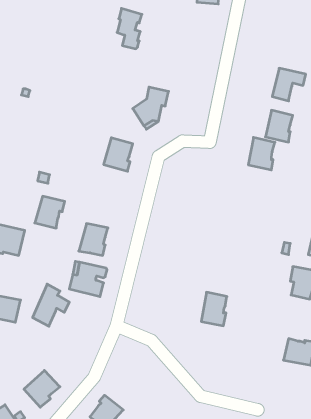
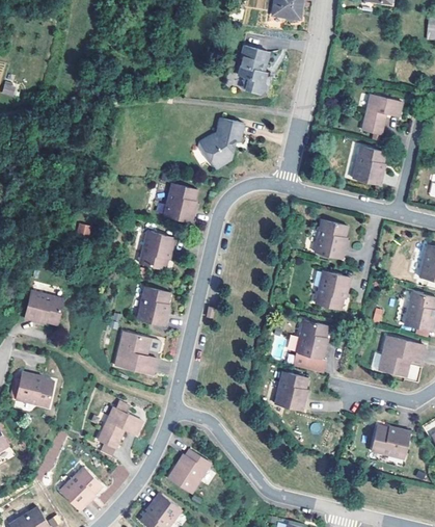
building: [117,8,142,49] -> [236,49,266,98]
building: [248,137,275,170] -> [318,219,350,259]
building: [35,196,65,228] -> [132,229,168,267]
building: none -> [318,271,353,309]
building: none -> [297,320,332,373]
building: [33,284,69,326] -> [98,398,142,449]
building: none -> [168,448,211,492]

